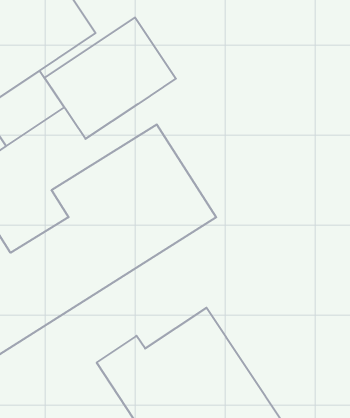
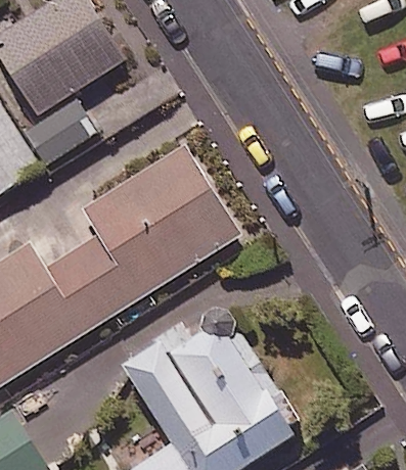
building: [45,17,176,139] -> none

